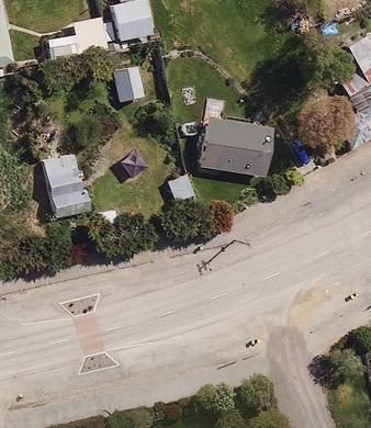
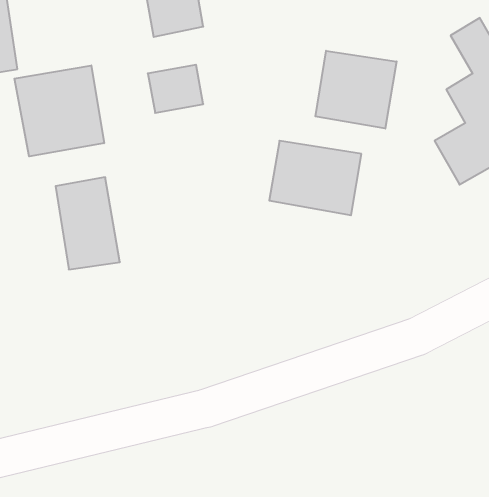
building: none -> [315,51,397,129]
building: none -> [14,65,104,156]

